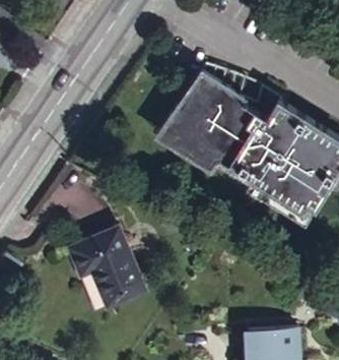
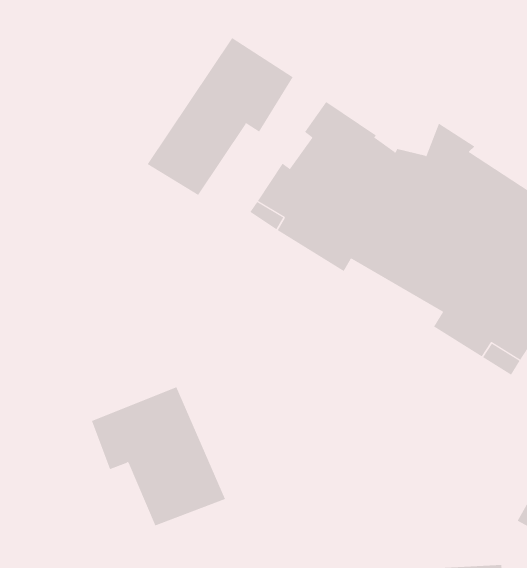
building: none -> [147,37,294,196]

